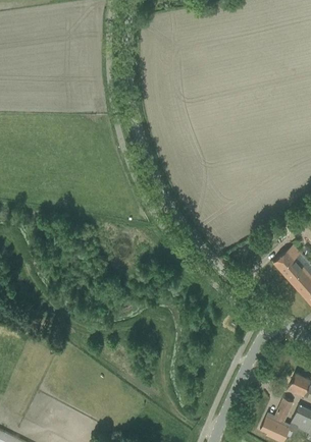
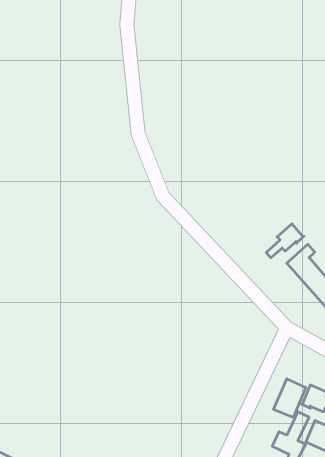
building: none -> [266,224,304,258]
building: none -> [274,379,306,417]

